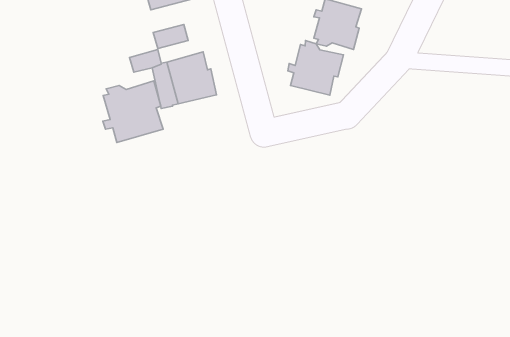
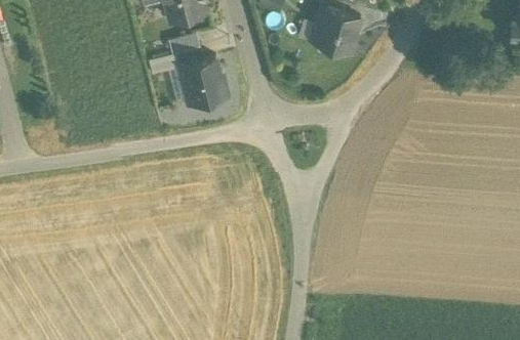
building: [288,41,343,95] -> none
building: [103,81,163,142] -> none

